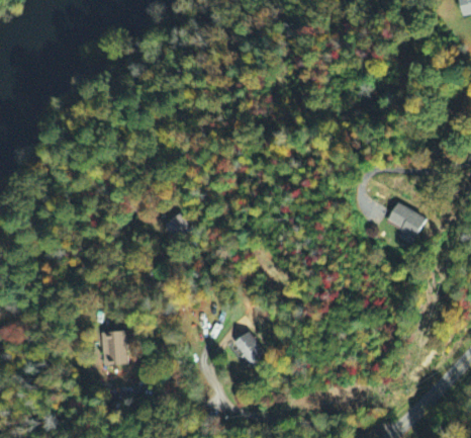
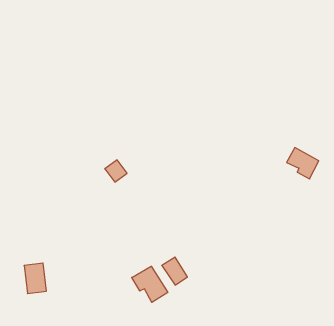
building: [100,332,127,369] -> [24,263,46,294]
building: none -> [132,266,168,302]

